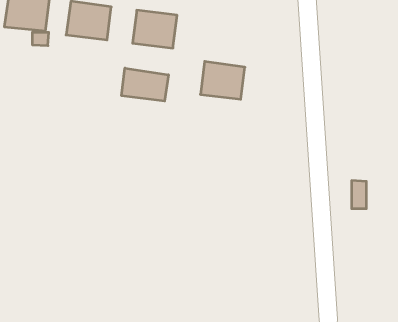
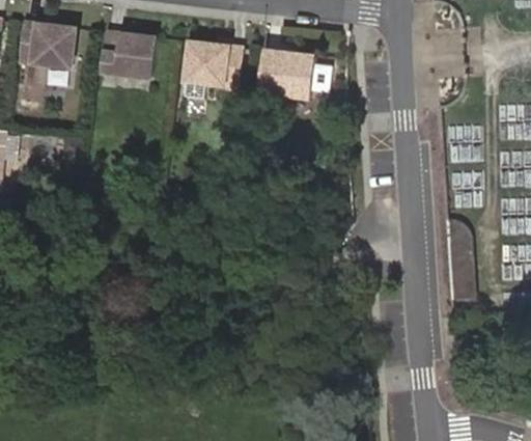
building: [200,61,245,99] -> [254,50,310,98]
building: [122,68,168,101] -> none

